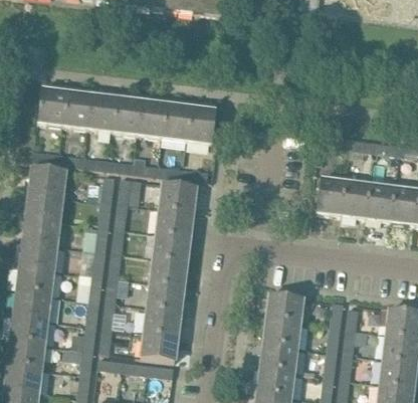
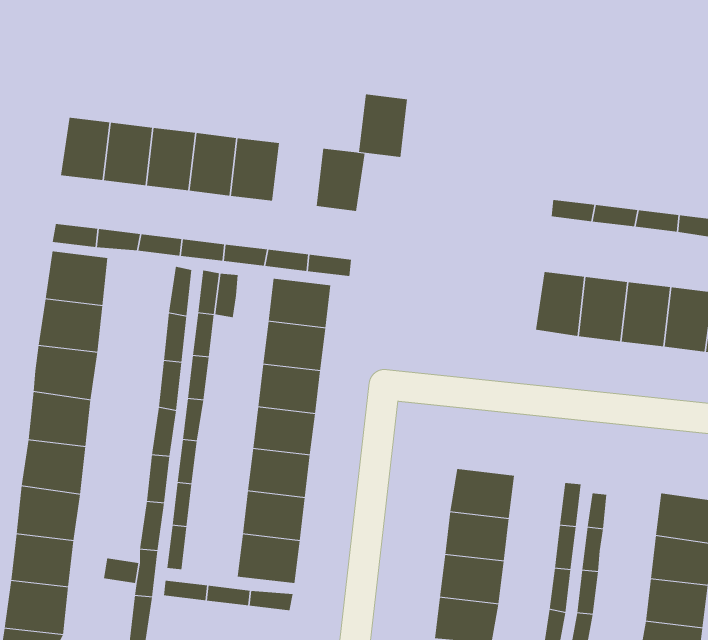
building: [162,102,191,139] -> [358,94,408,157]

